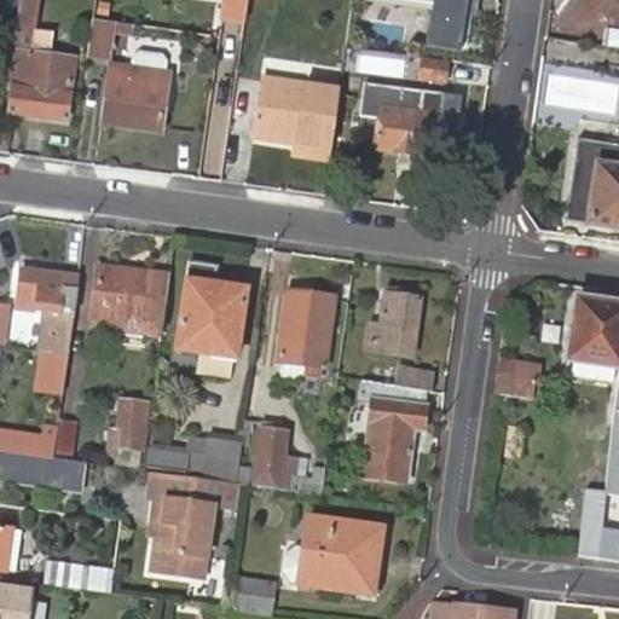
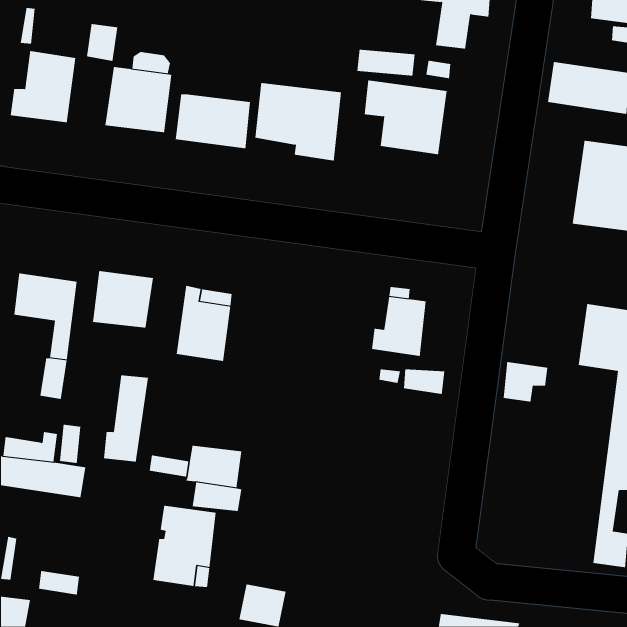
building: none -> [175,94,251,149]
building: [276,293,334,370] -> none
building: [364,384,427,478] -> none
building: [251,418,323,493] -> none
building: [300,517,382,594] -> none

